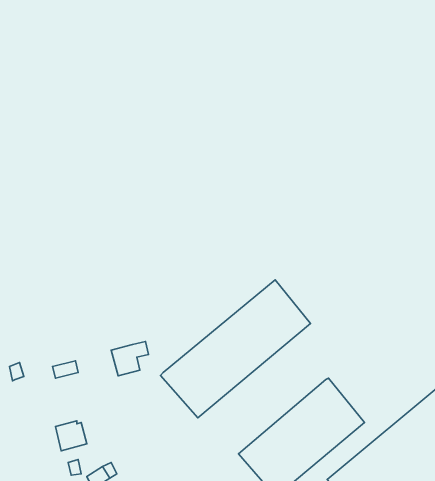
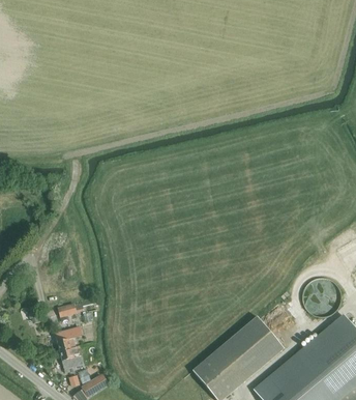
building: [161,280,310,418] -> none
building: [111,342,148,376] -> [54,325,81,350]

